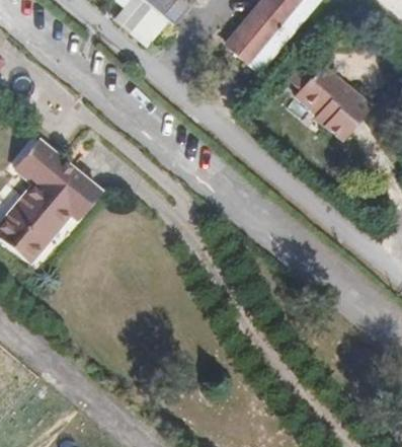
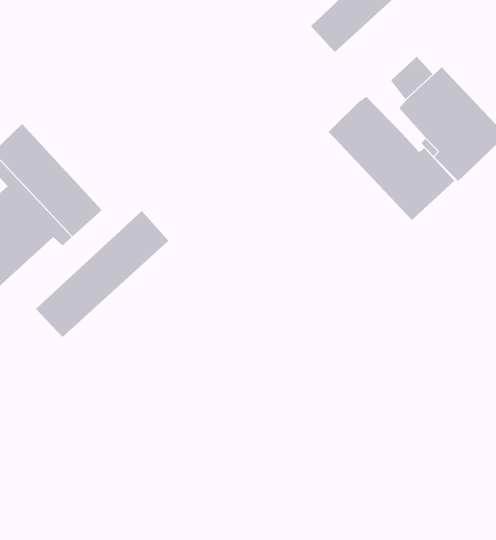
building: none -> [328,96,455,221]
building: none -> [35,210,169,338]

